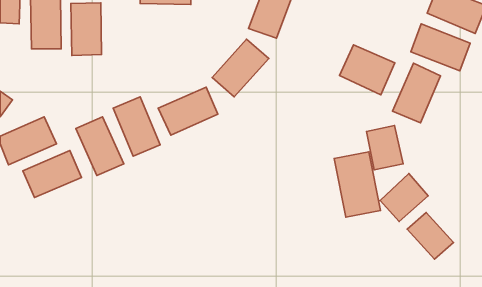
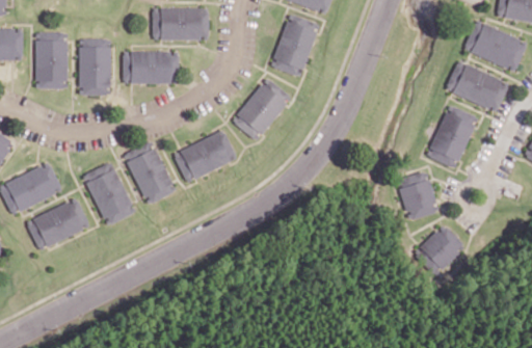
building: none -> [122,51,179,83]
building: [340,45,395,95] -> none
building: [334,152,381,217] -> none
building: [407,212,454,259] -> none

